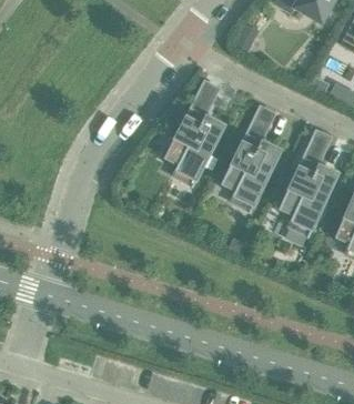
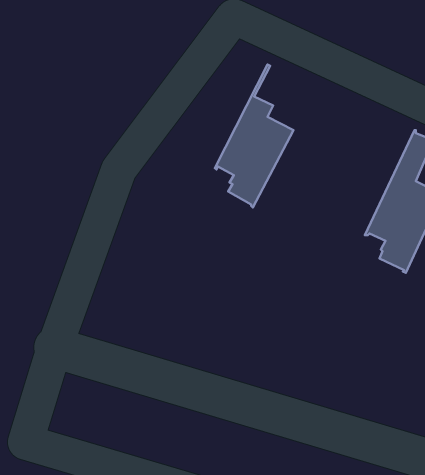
building: [222,103,281,212] -> none

